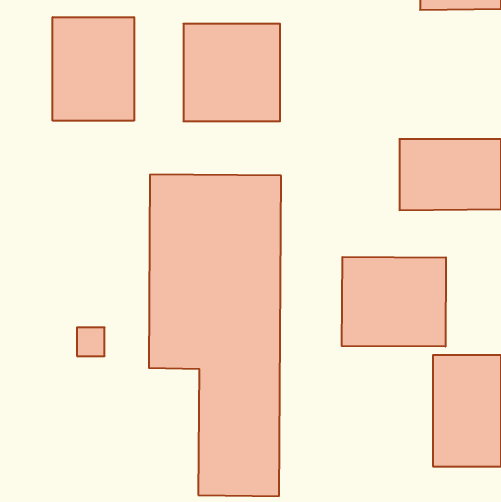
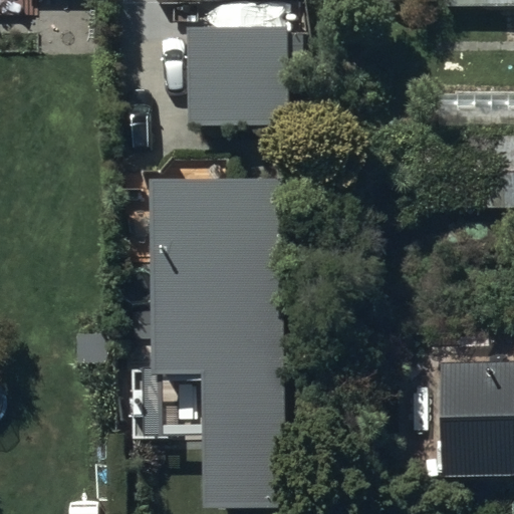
building: [53,17,134,121] -> none
building: [342,257,446,347] -> none

